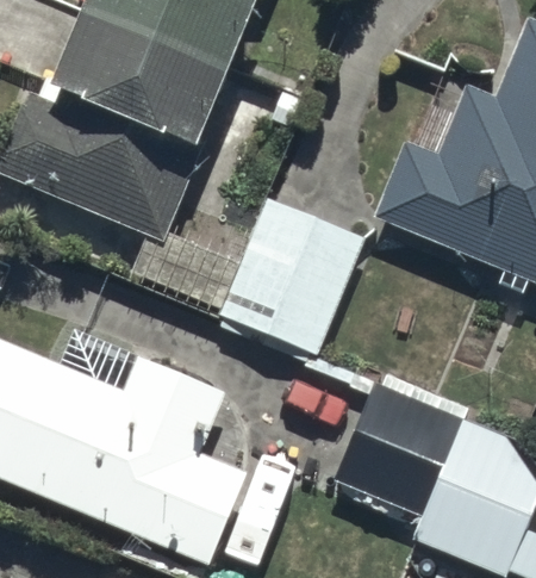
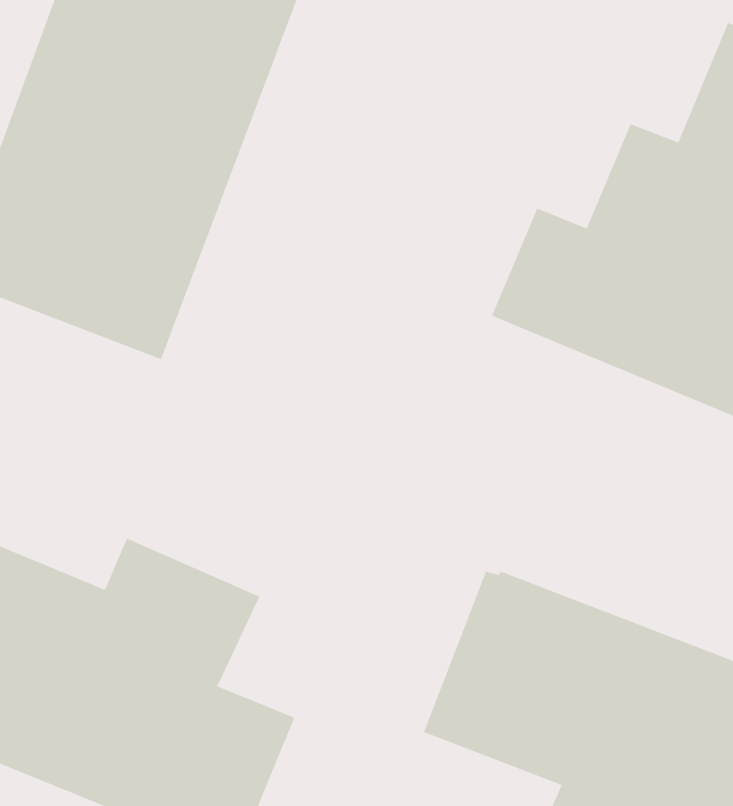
building: [210,197,363,365] -> none

